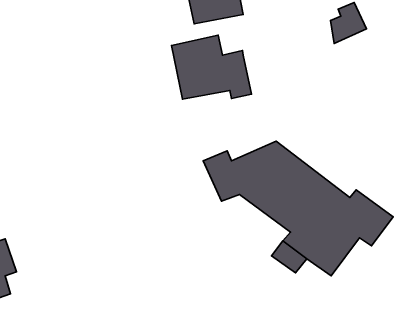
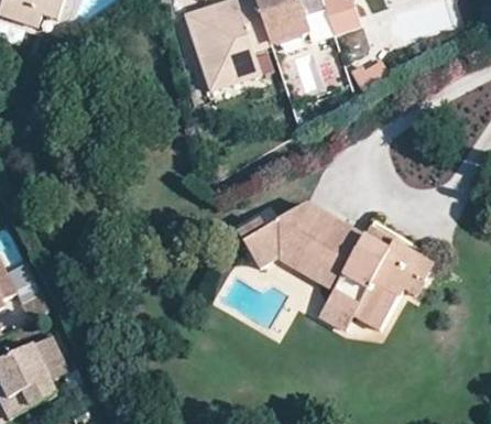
building: [172,35,252,99] -> none

